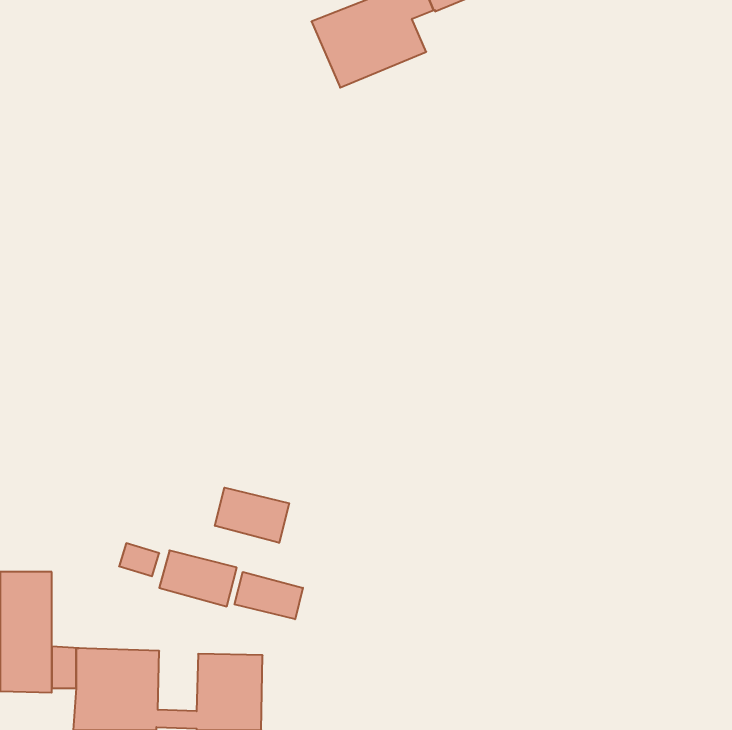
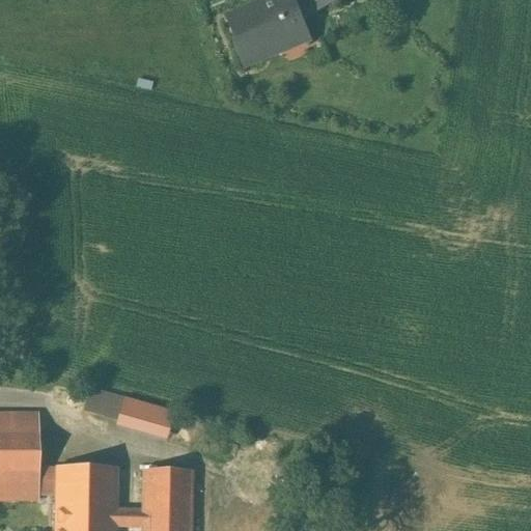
building: [215,488,289,543] -> none
building: [235,572,303,619] -> none

